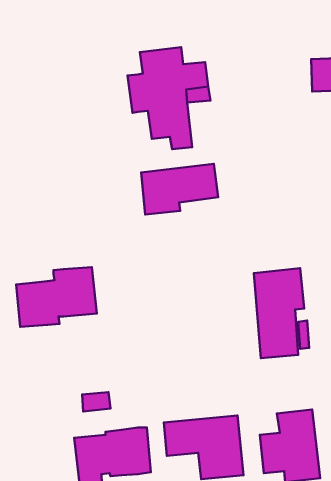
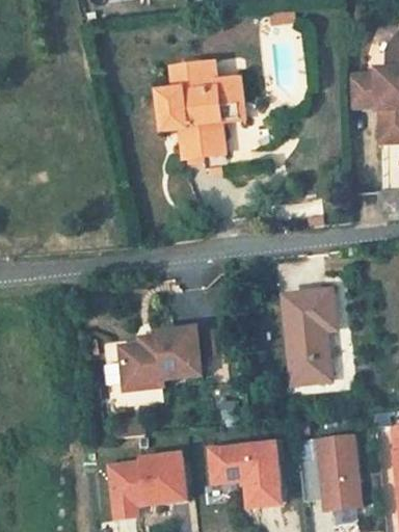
building: [141,164,218,214] -> none
building: [16,267,97,327] -> [121,327,204,389]

